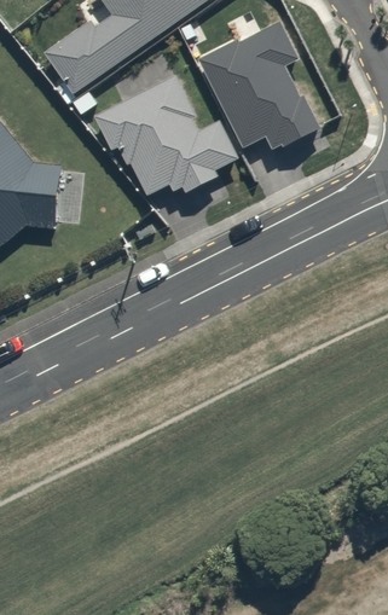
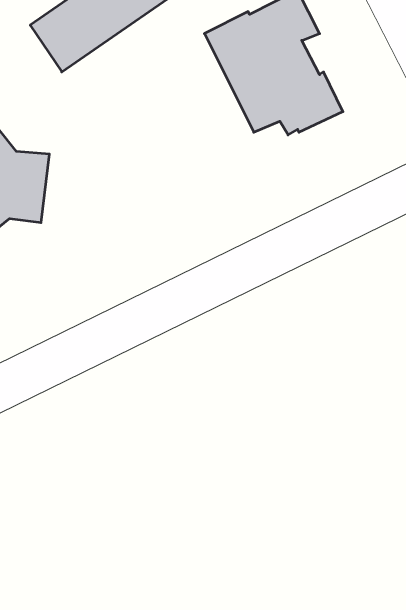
building: [94,75,238,195] -> none

